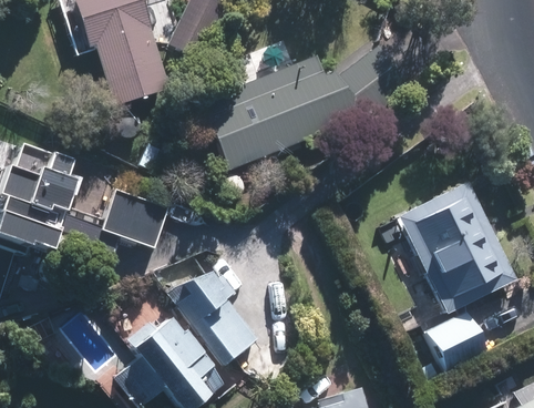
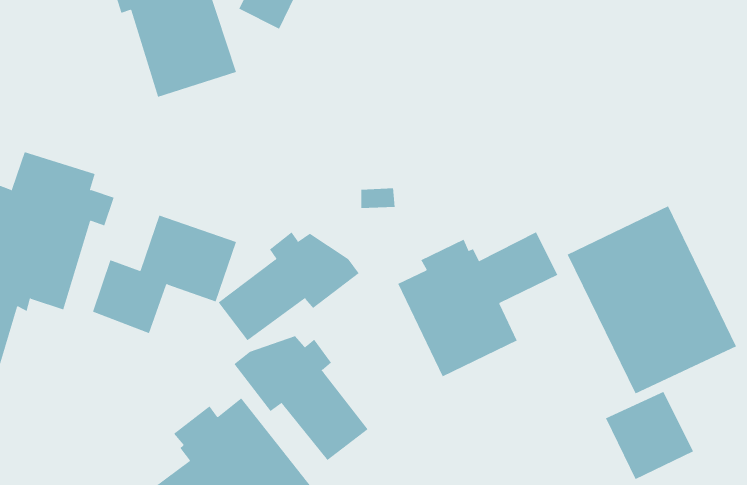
building: [199,45,409,171] -> none
building: none -> [218,231,359,341]
building: none -> [397,232,558,377]

